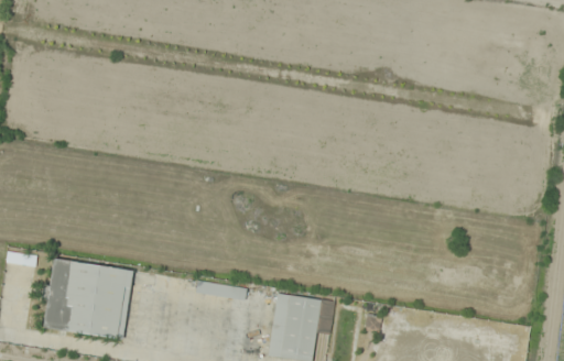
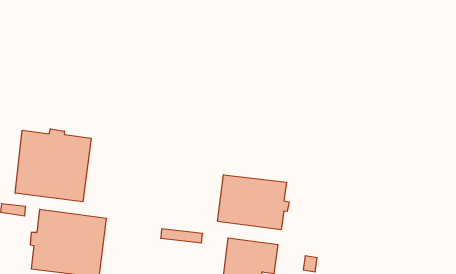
building: none -> [15,129,91,202]
building: none -> [218,175,289,230]

